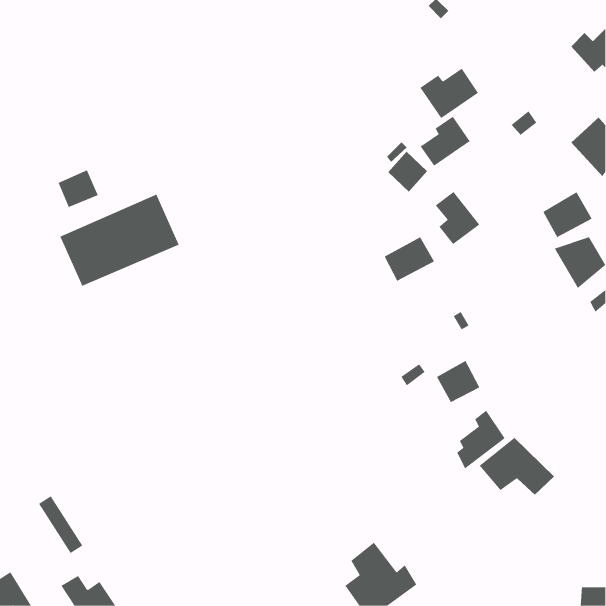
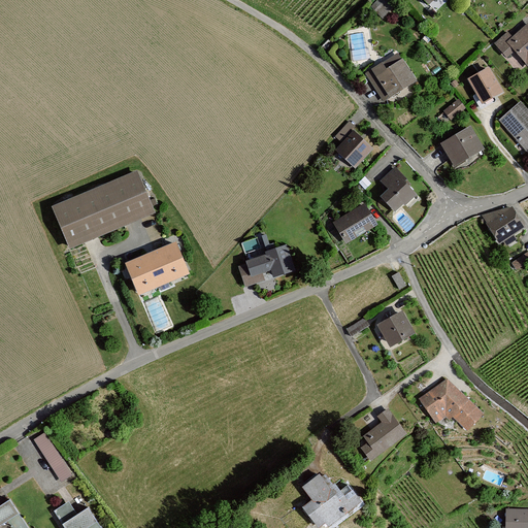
building: none -> [471,65,506,102]
building: [420,116,470,167] -> none
building: [58,169,99,208] -> none
building: [543,192,592,238] -> [439,126,483,166]
building: none -> [124,239,190,294]
building: none -> [239,243,294,287]
building: [457,410,505,469] -> [362,409,404,461]

